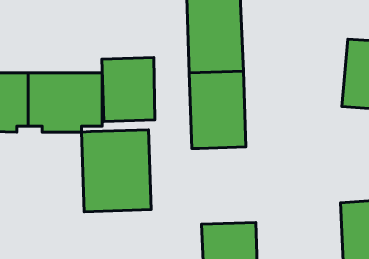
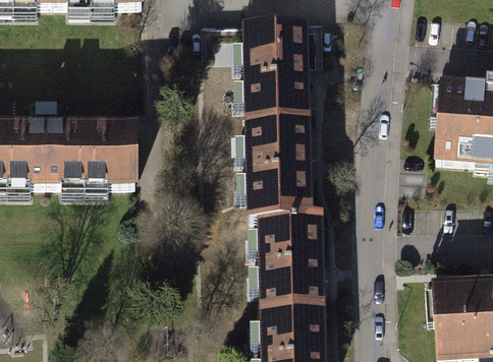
building: [102,57,155,122] -> none
building: [82,130,151,212] -> none
building: none -> [255,212,325,307]

